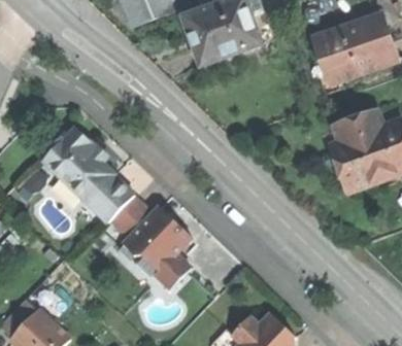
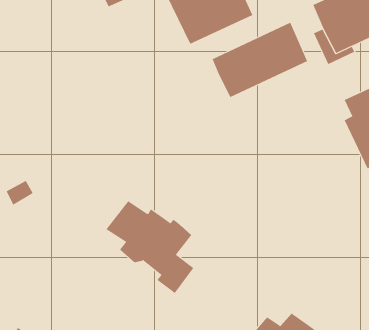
building: none -> [212,22,308,98]
building: [40,127,132,223] -> none

